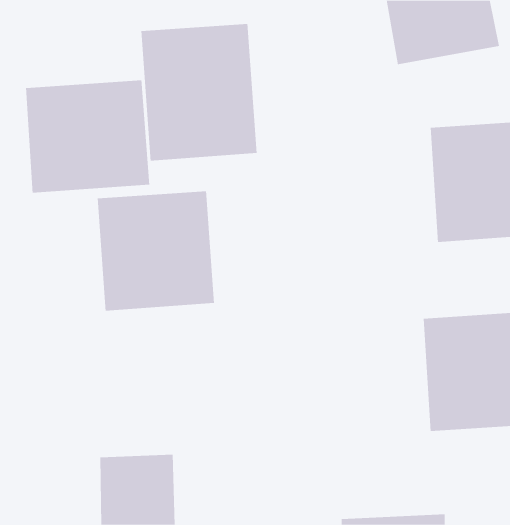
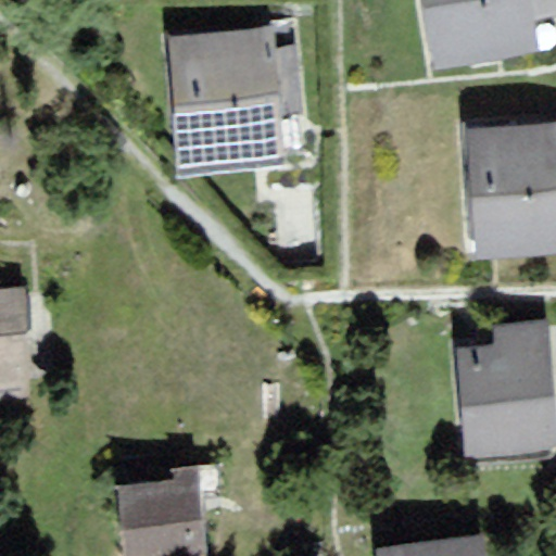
building: [25,79,150,193] -> none
building: [97,191,214,312] -> none

